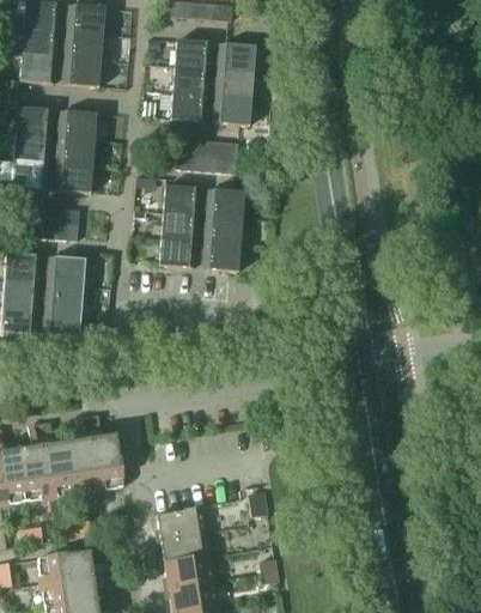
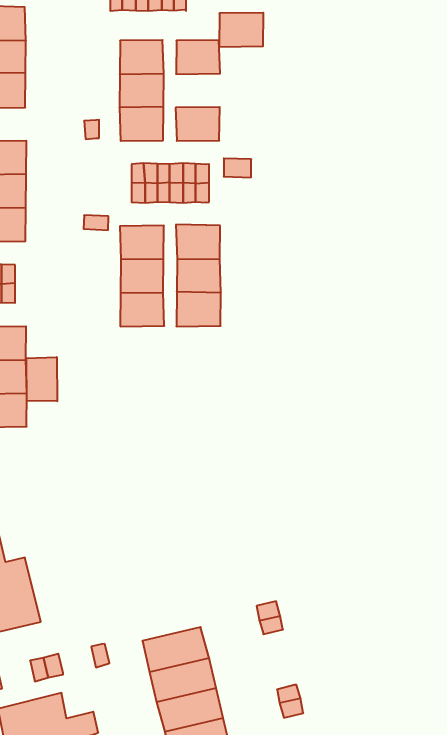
building: [217,69,254,98] -> [219,13,263,47]
building: none -> [26,357,57,401]
building: [69,414,123,492] -> none

